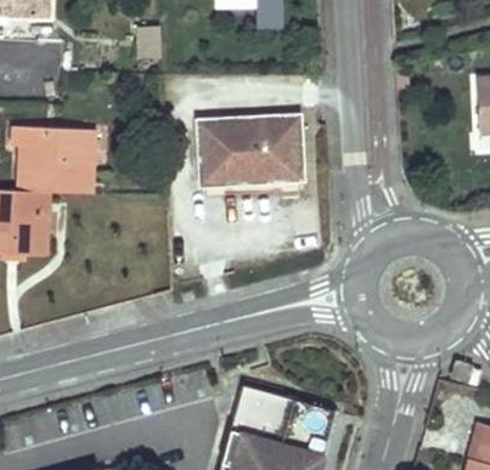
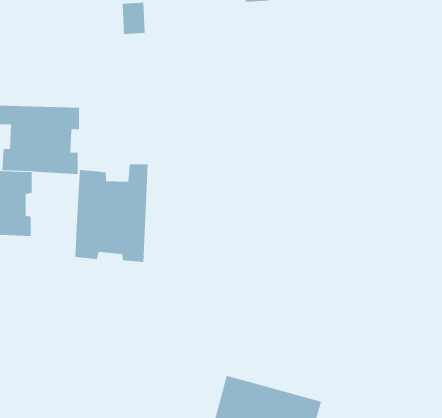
building: [201,115,304,182] -> none
building: none -> [75,164,148,263]

